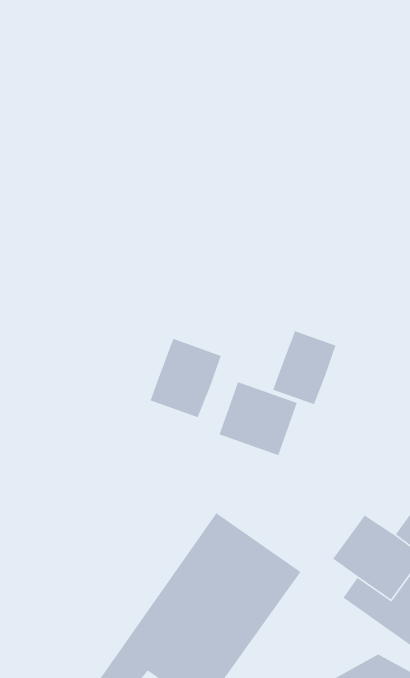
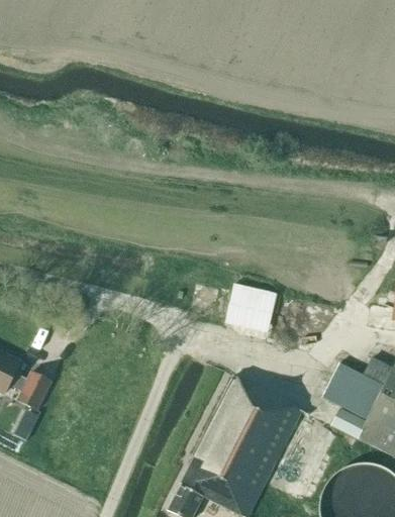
building: [272,330,337,405] -> none
building: [149,338,222,418] -> none

